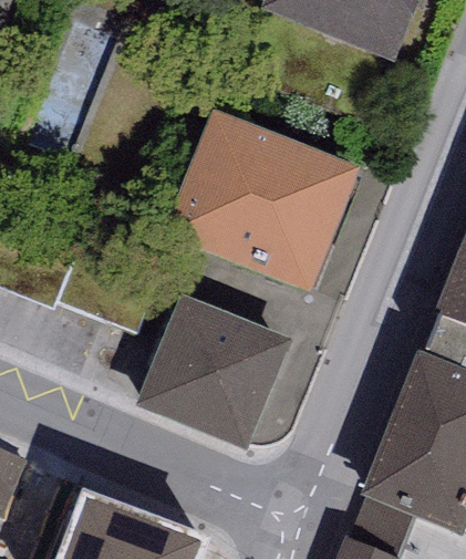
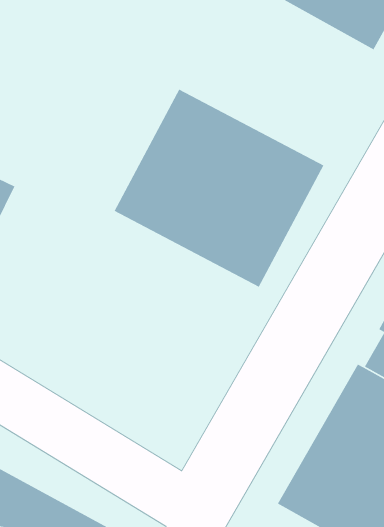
building: [132,293,291,454] -> none

